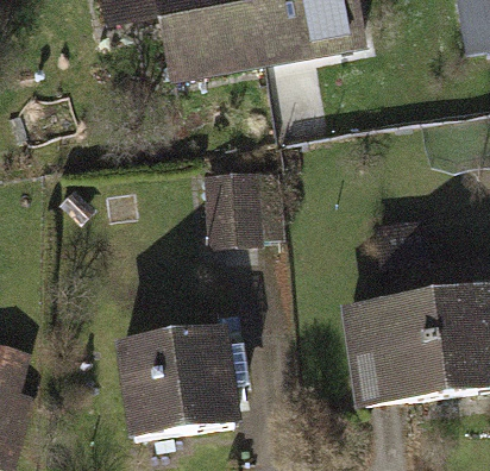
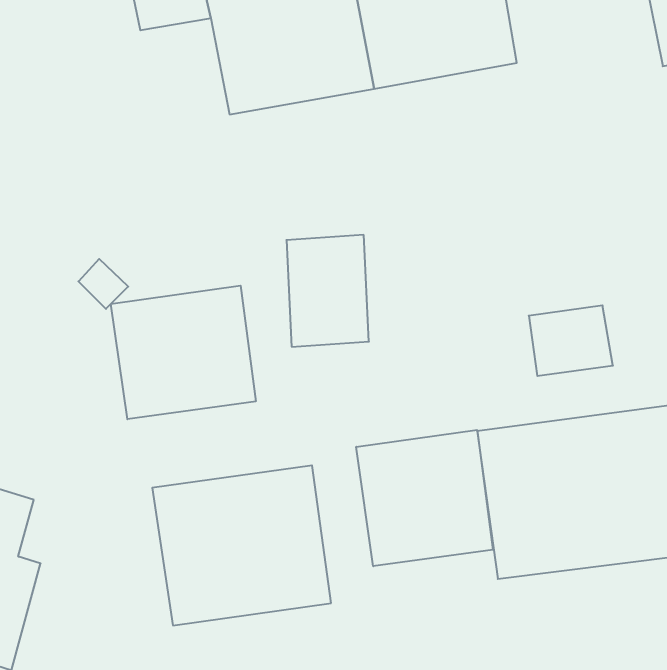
building: none -> [111,286,256,419]
building: none -> [356,430,493,566]

